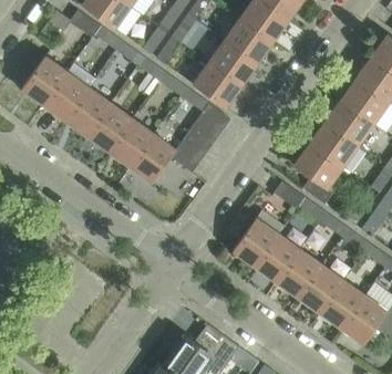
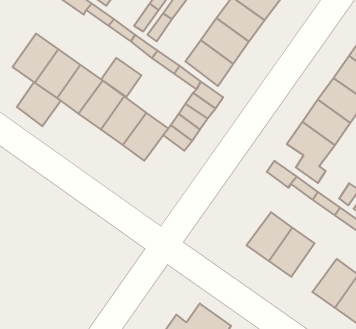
building: none -> [101,58,141,97]
building: none -> [17,82,61,126]
building: [233,218,278,267] -> none
building: [298,264,343,313] -> none

